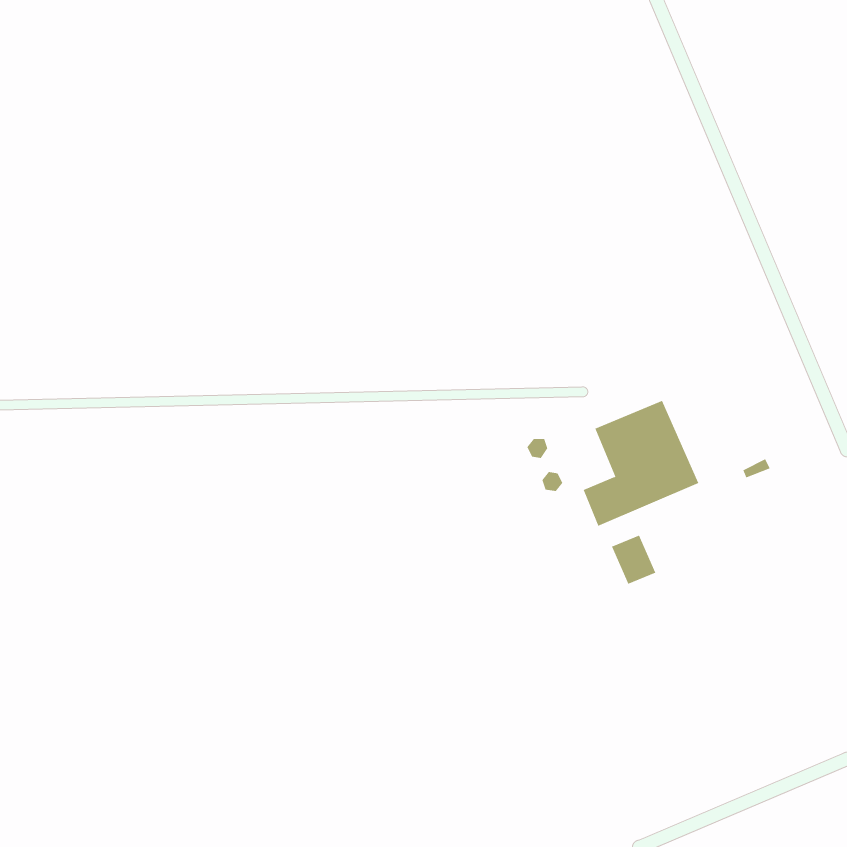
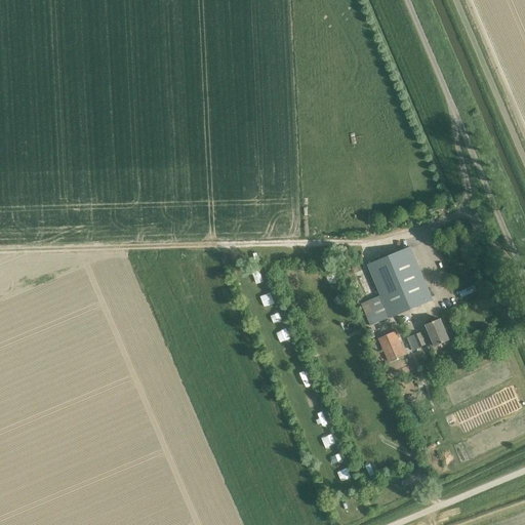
building: none -> [406,318,449,350]

